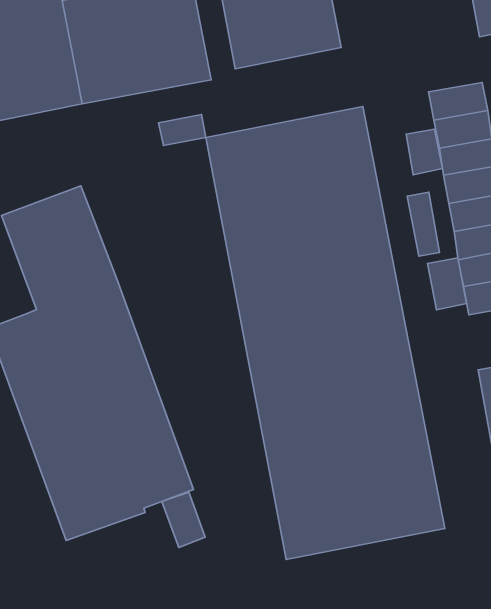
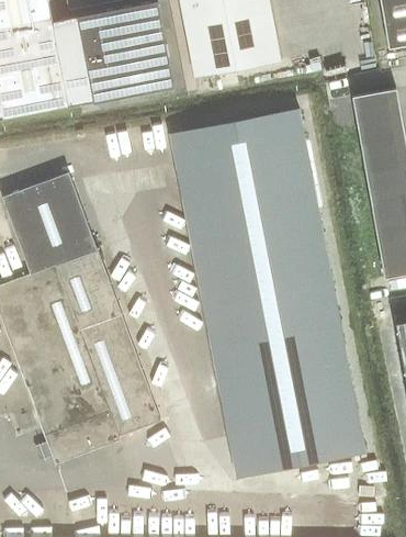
building: [158,114,206,145] -> none
building: [406,129,442,175] -> none
building: [407,192,439,256] -> none
building: [427,258,467,310] -> none
building: [162,492,205,548] -> none

